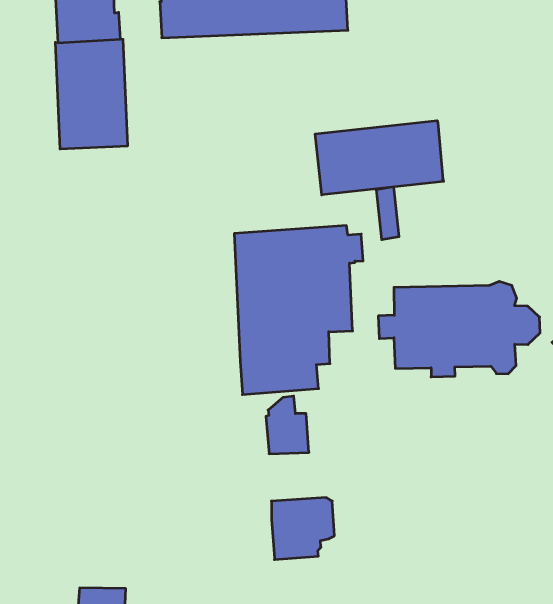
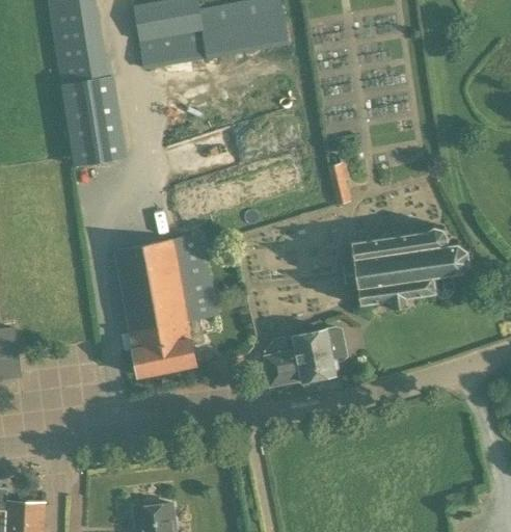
building: [315,121,444,195] -> none
building: [234,226,363,395] -> [115,233,219,376]
building: [271,498,334,560] -> [294,327,347,381]

